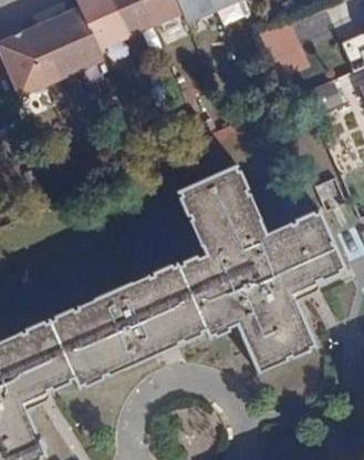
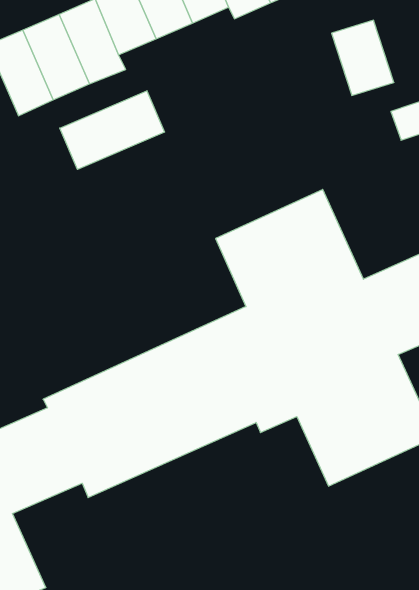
building: none -> [60,91,165,169]

